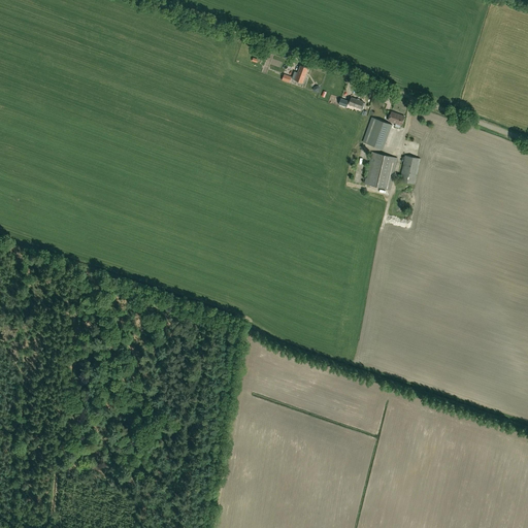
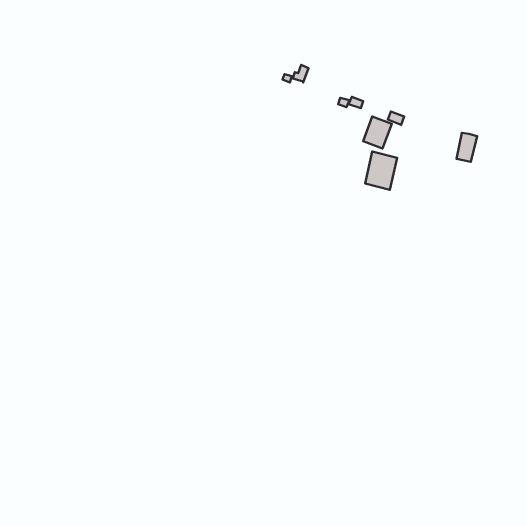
building: [400,156,421,185] -> [457,133,477,162]

